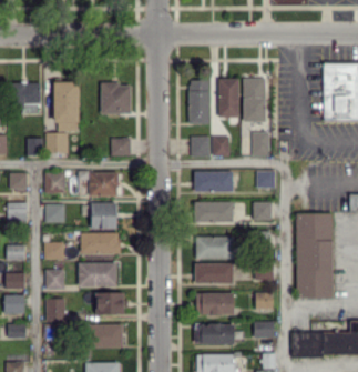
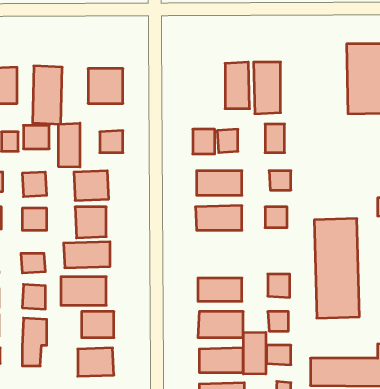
building: [188,80,209,124] -> none
building: none -> [59,123,80,167]
building: [195,235,234,259] -> none
building: none -> [243,332,266,374]

